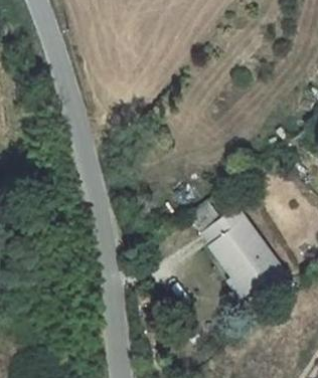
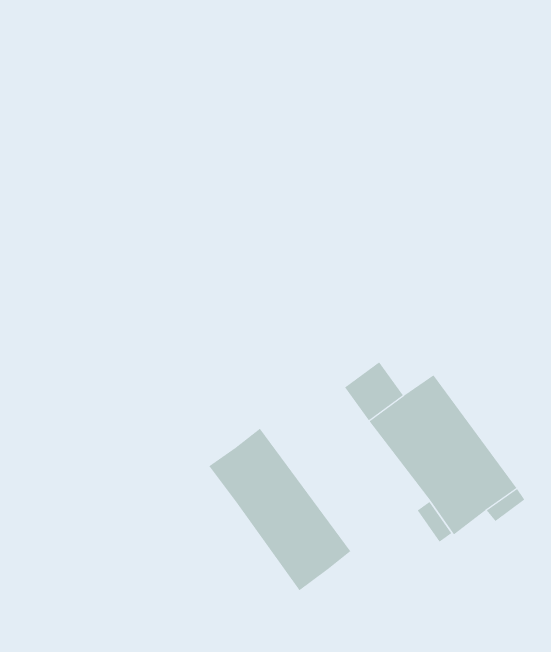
building: none -> [209,428,351,591]

